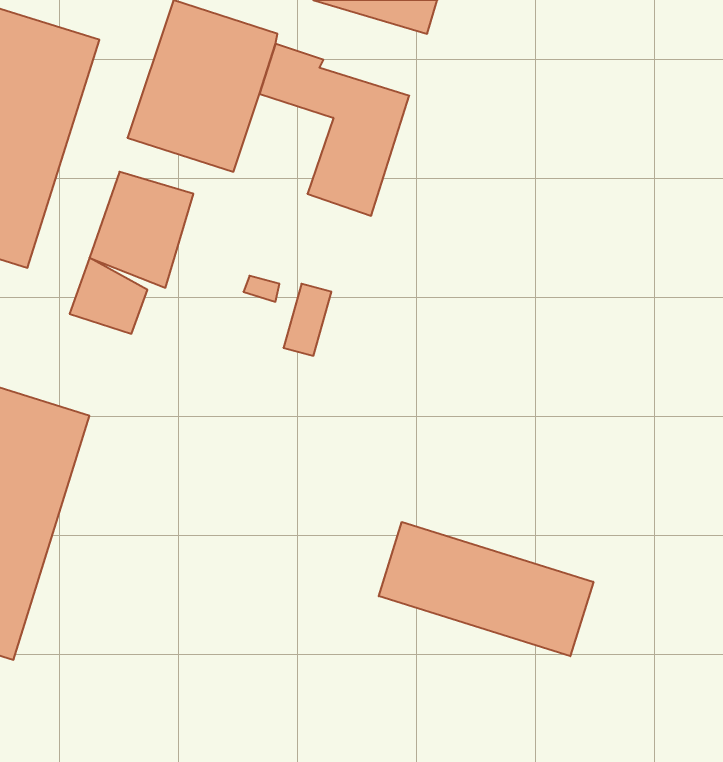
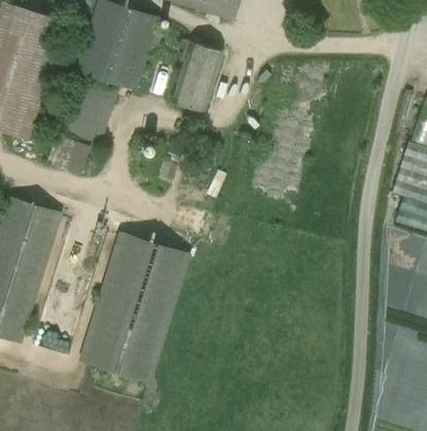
building: none -> [83,235,188,381]
building: [379,522,593,656] -> none

